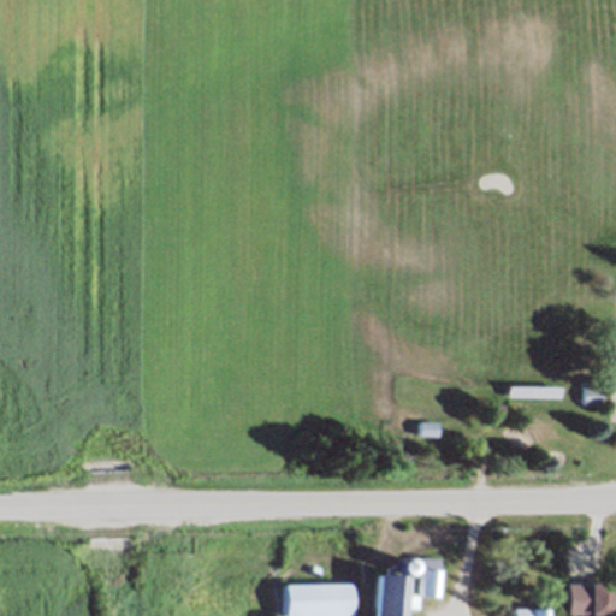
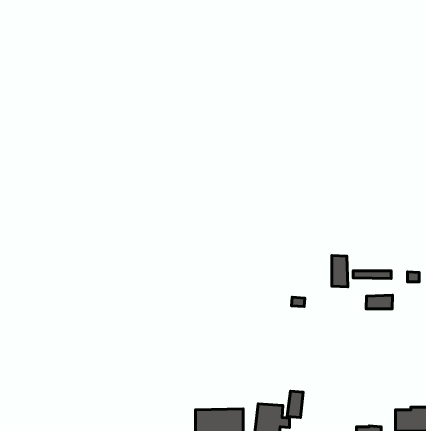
building: none -> [332,256,348,287]
building: none -> [366,295,393,309]

